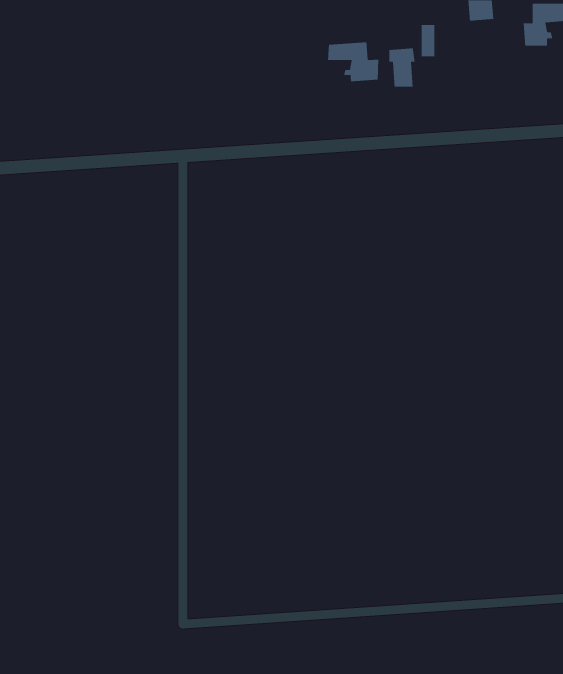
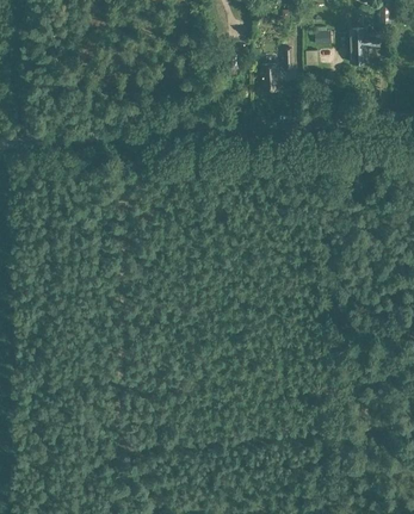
building: [327,42,379,82] -> none

